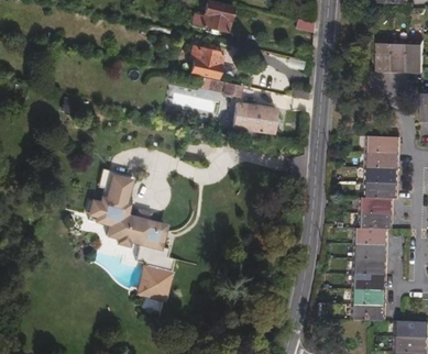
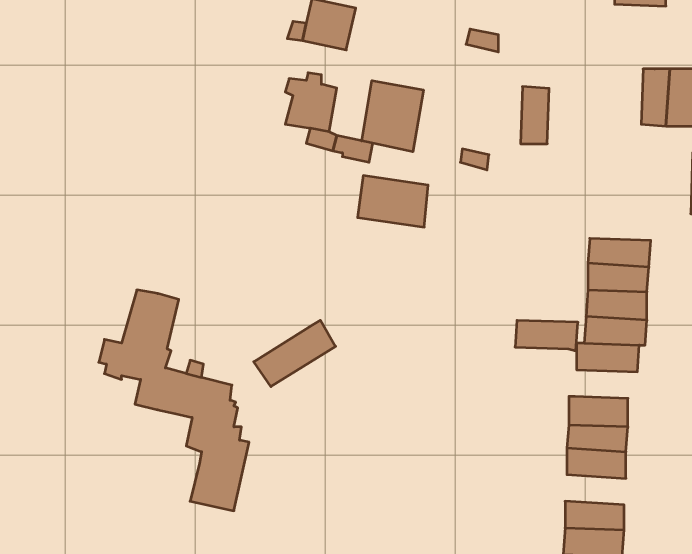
building: [380,40,396,73] -> [521,87,549,144]
building: none -> [362,81,423,152]
building: none -> [254,320,336,387]
building: [356,214,393,232] -> [515,320,578,351]
building: [351,275,386,292] -> none

